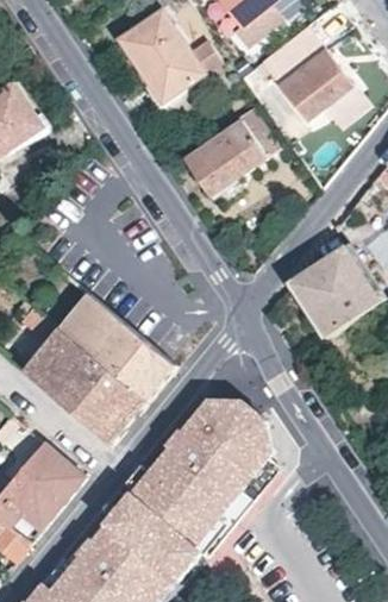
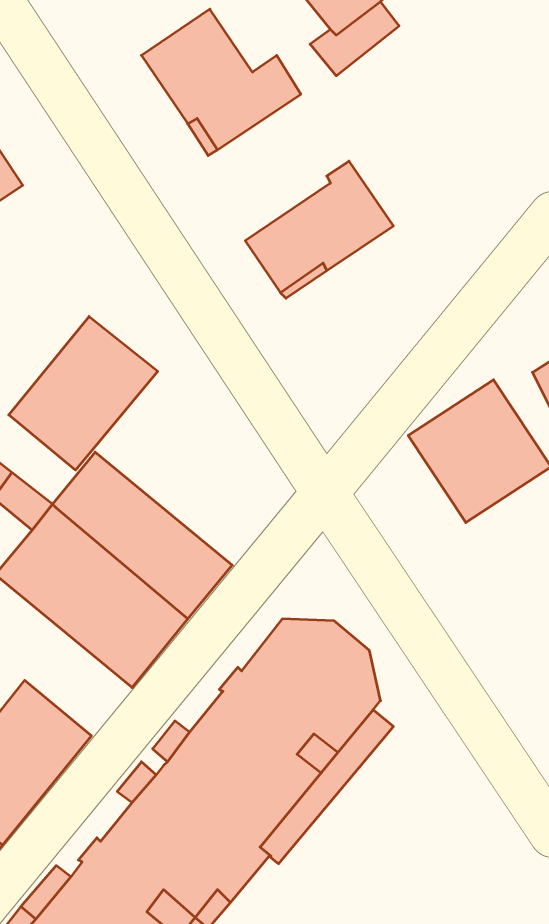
building: [277,50,351,121] -> none
building: none -> [9,316,158,470]

